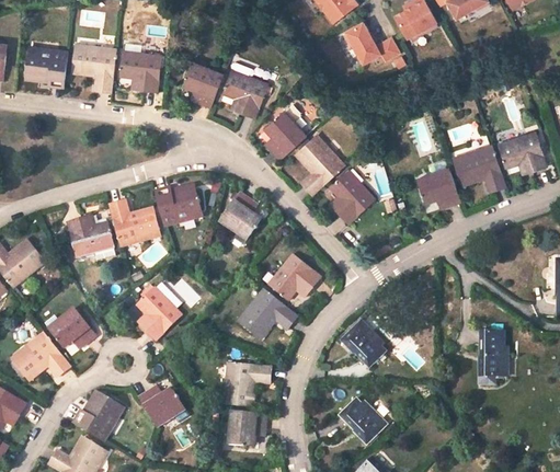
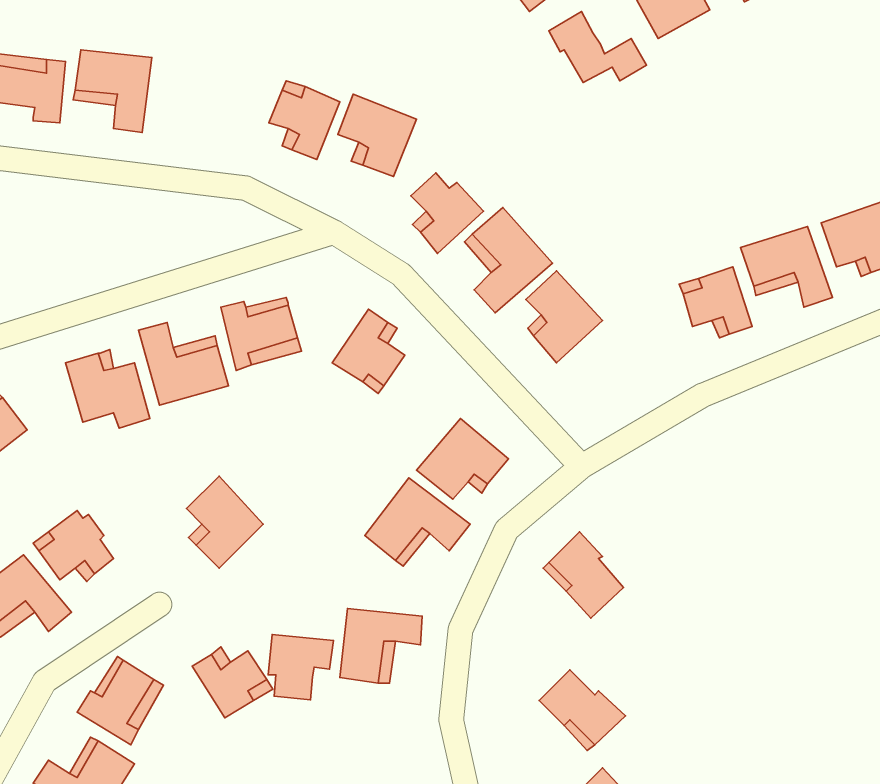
building: [121,53,160,92] -> none
building: [479,332,506,384] -> none
building: [229,411,266,448] -> [268,635,333,700]

